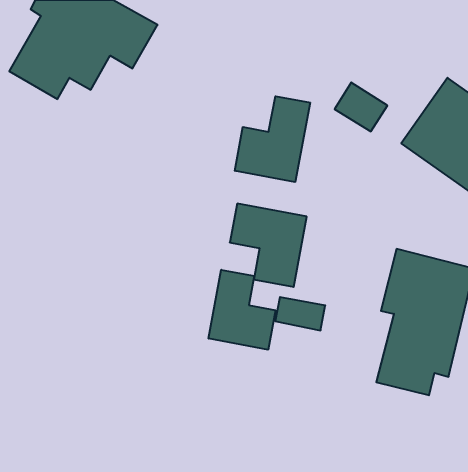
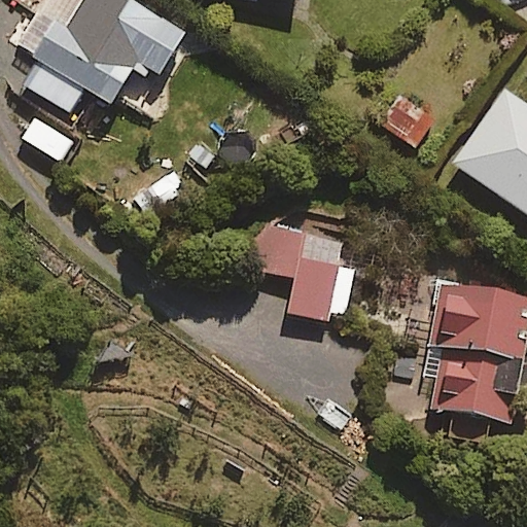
building: [235,96,310,182] -> none
building: [209,270,275,350] -> none

